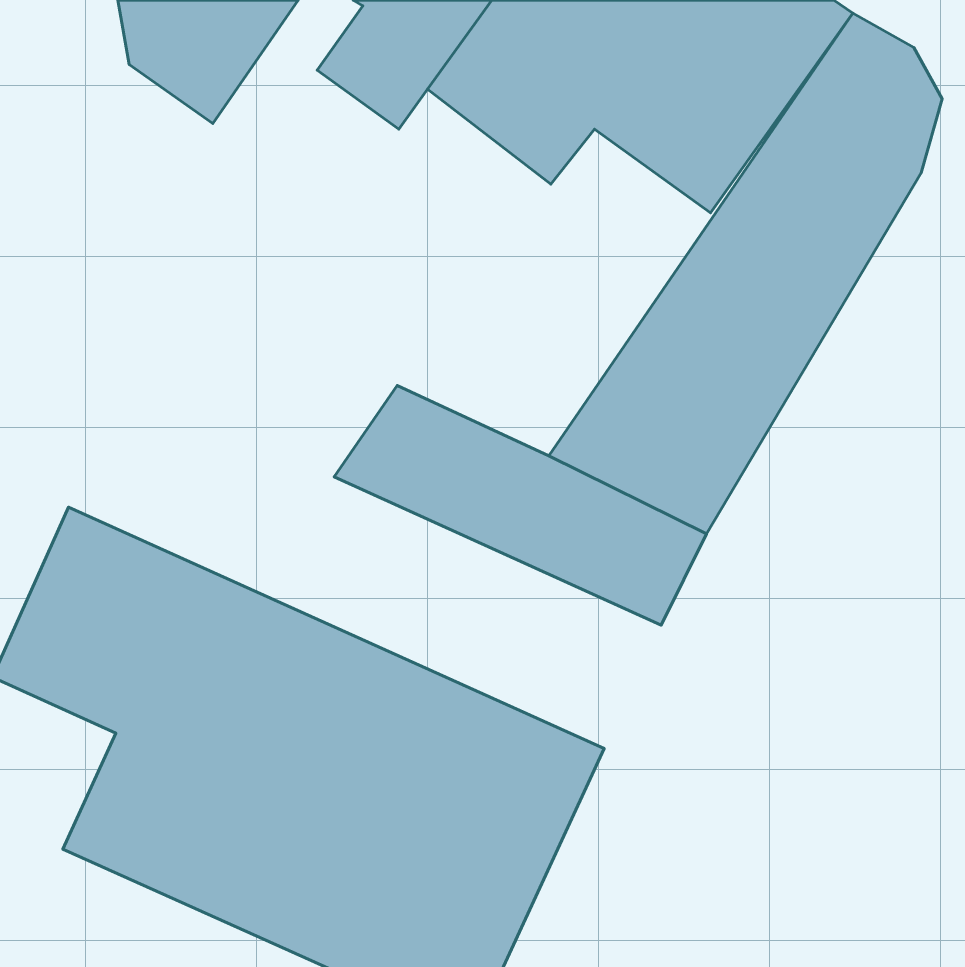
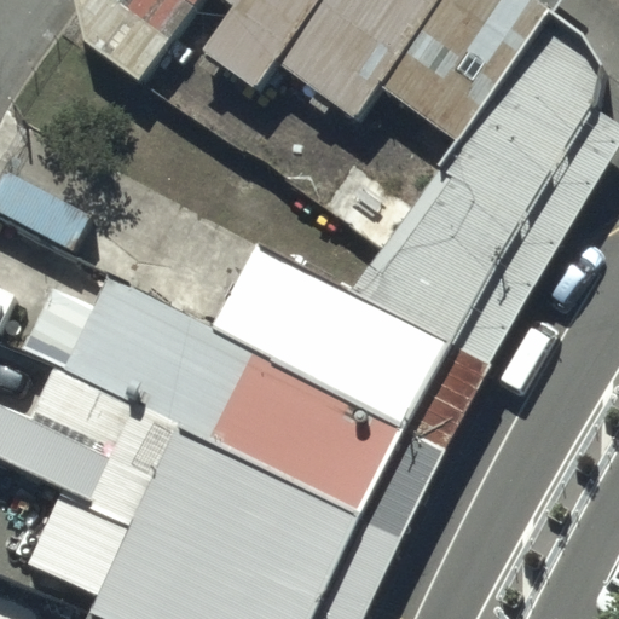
building: none -> [79,261,421,479]

